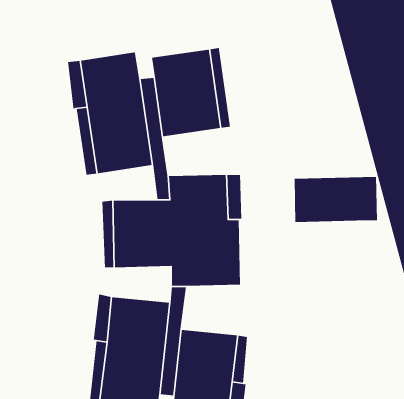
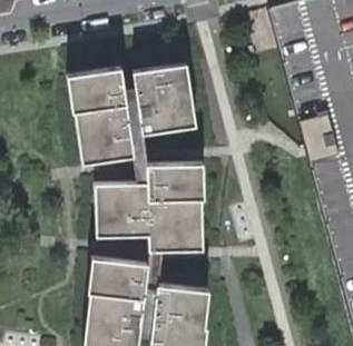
building: [294,176,378,223] -> none

